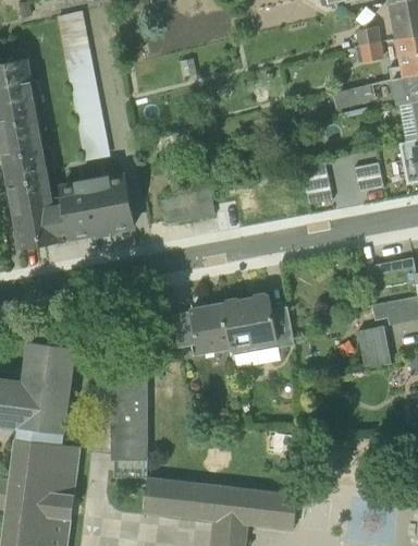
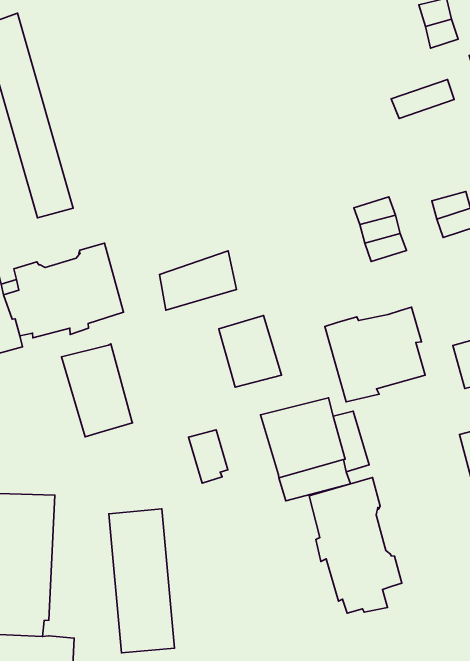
building: none -> [325,307,425,402]
building: none -> [62,344,133,437]
building: [192,304,232,352] -> [219,315,281,387]
building: none -> [309,478,402,613]

